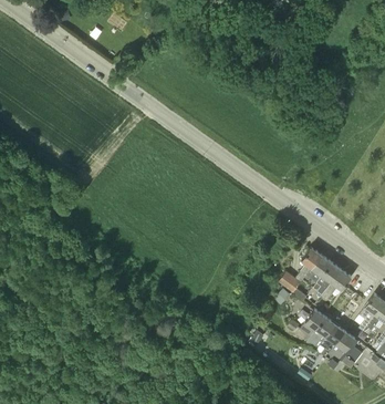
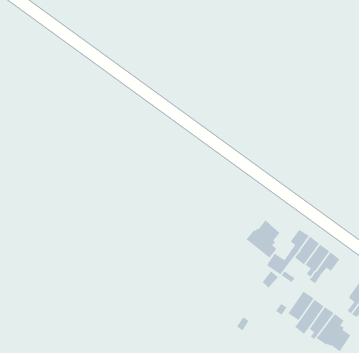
building: none -> [245,220,280,259]

